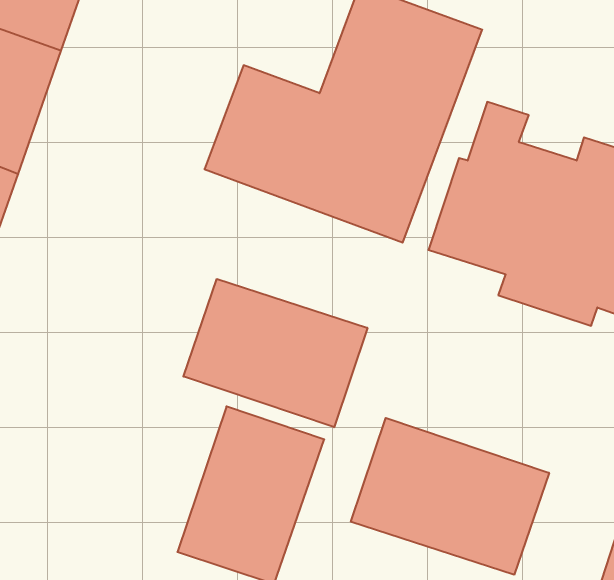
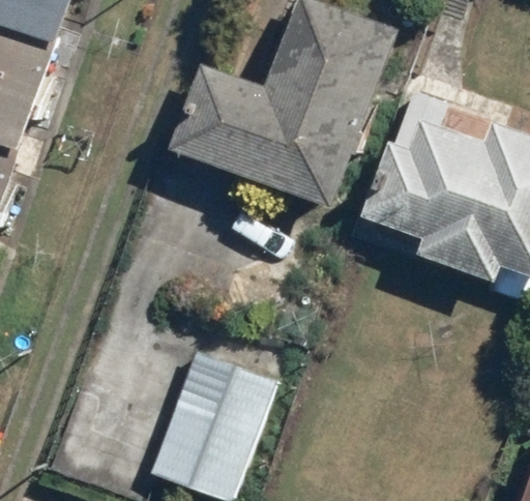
building: [183,279,367,427] -> none
building: [351,418,549,575] -> none

